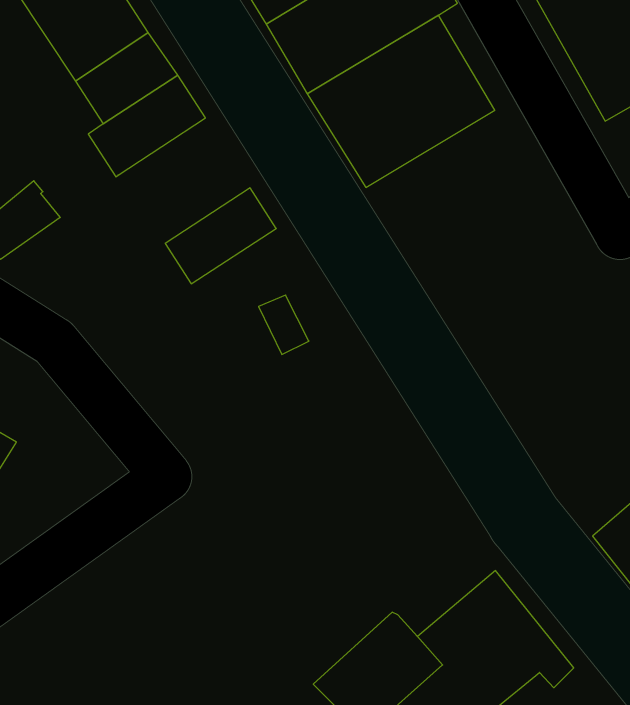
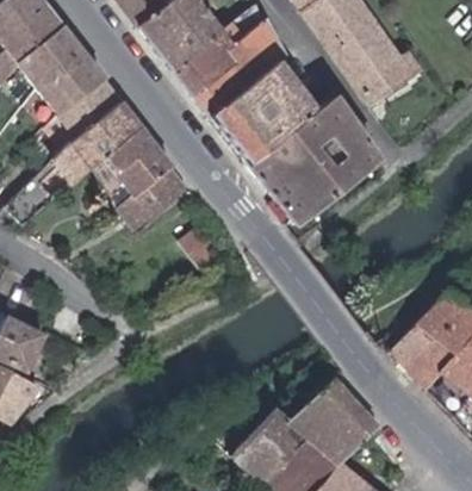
building: none -> [238,93,372,220]
building: none -> [89,126,169,204]

